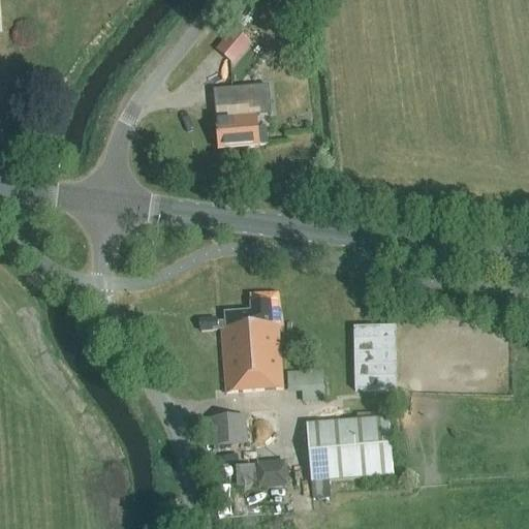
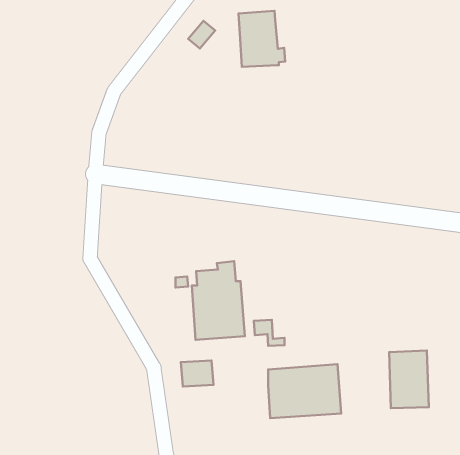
building: [213,83,267,147] -> [238,11,285,67]
building: [357,320,403,386] -> [389,351,429,408]
building: [240,457,291,505] -> none

